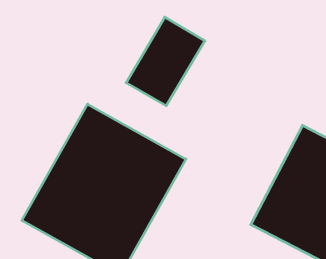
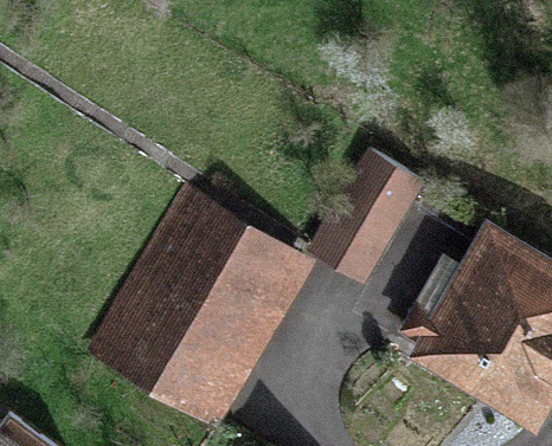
building: [126,17,205,106] -> [308,147,422,274]

